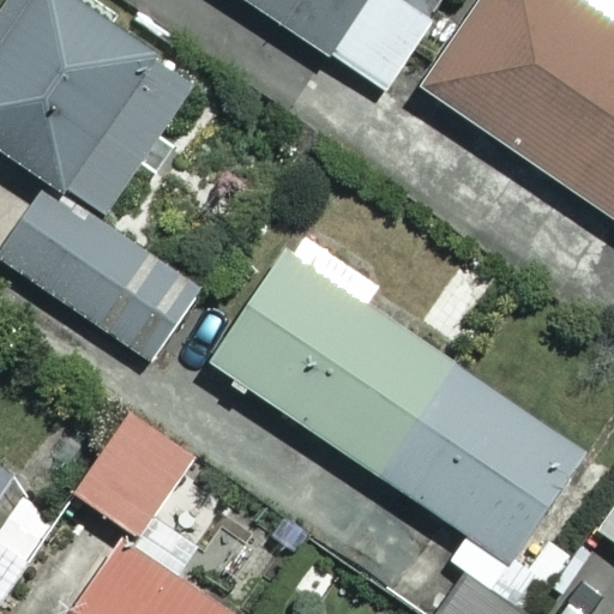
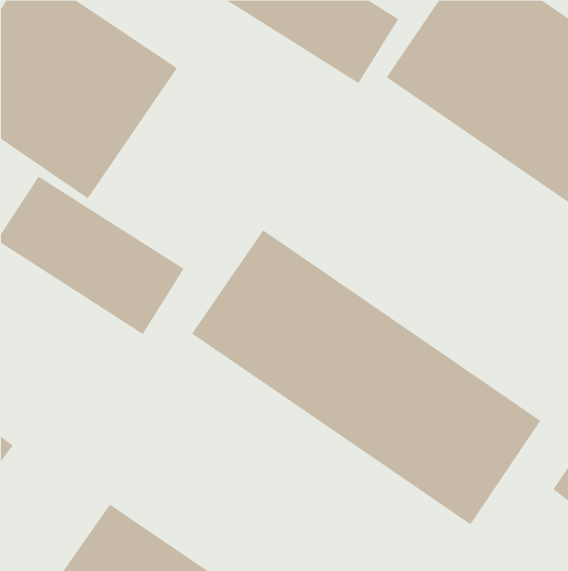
building: [73,408,192,535] -> none

